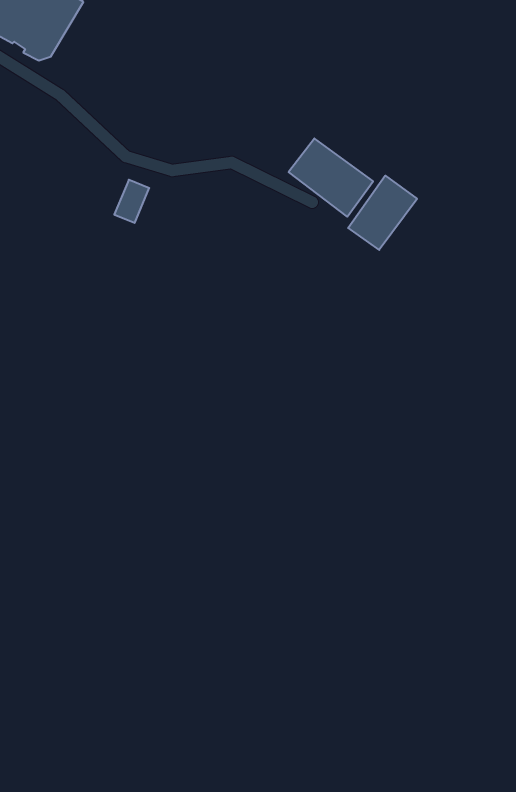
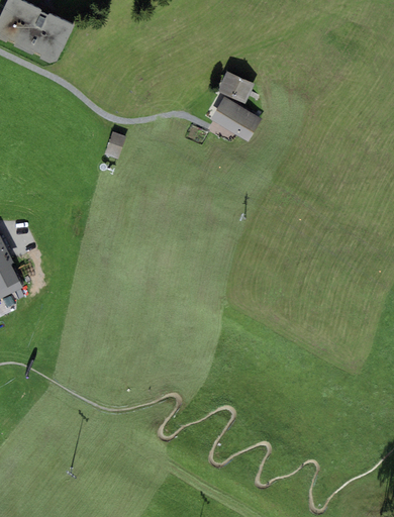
building: none -> [217,71,254,102]
building: [348,176,417,250] -> none

